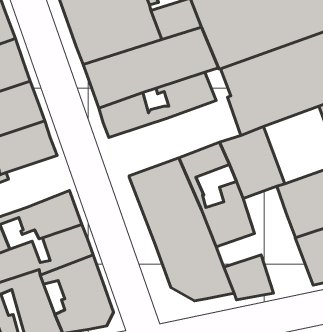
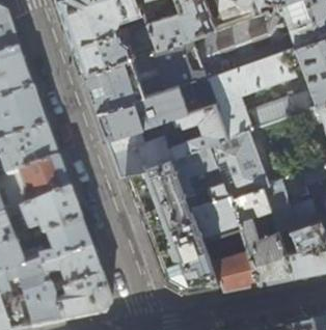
building: none -> [107,100,228,174]
building: none -> [19,154,71,201]
building: none -> [230,182,295,280]

